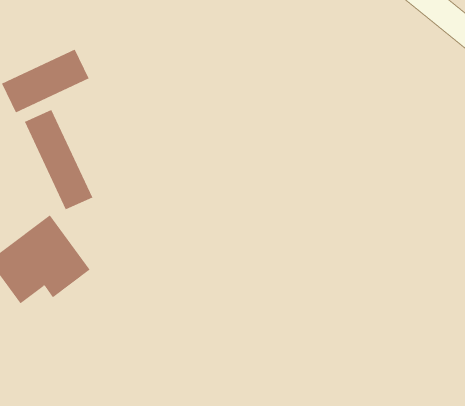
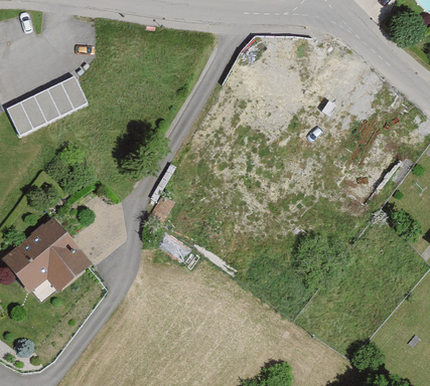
building: [24,109,93,210] -> none

